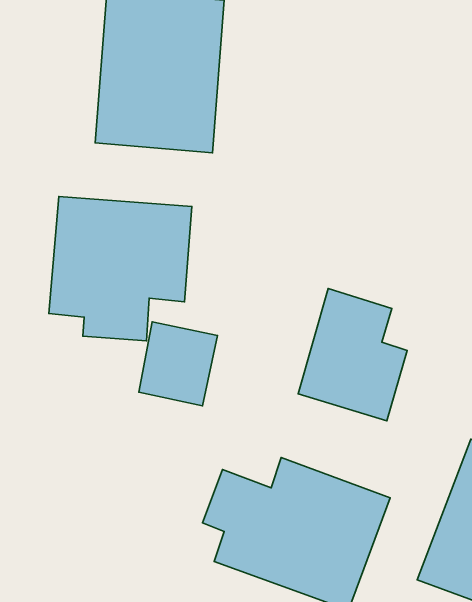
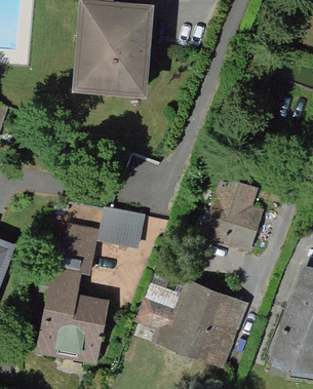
building: [49,197,192,341] -> none
building: none -> [36,231,108,362]

